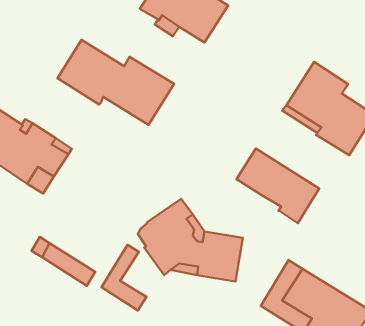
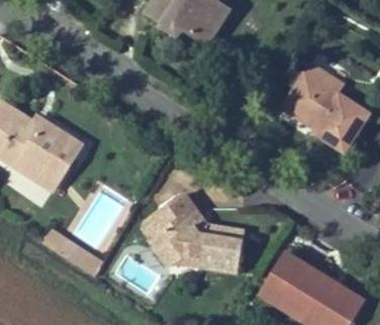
building: [58,40,174,125] -> none
building: [237,149,319,223] -> none
building: [101,245,146,310] -> none

